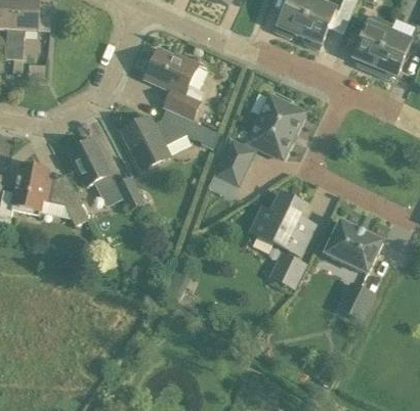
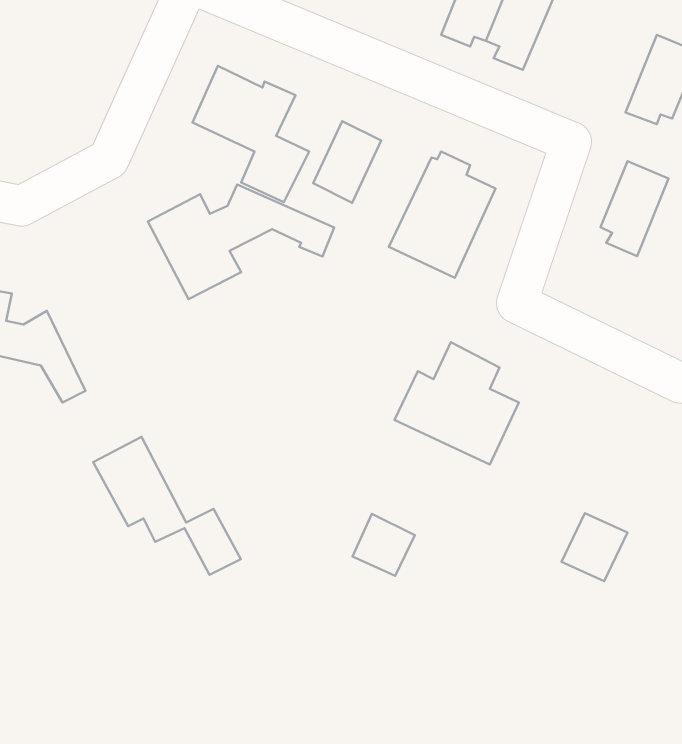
building: [353,21,389,72] -> [600,161,668,256]
building: [68,138,145,211] -> [93,437,241,575]
building: [217,141,253,184] -> [313,121,381,203]
building: [324,219,384,273] -> none
building: [271,253,304,285] -> [353,514,415,576]

